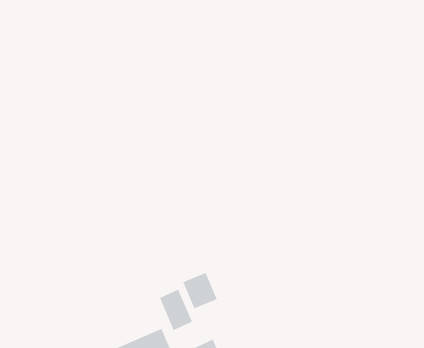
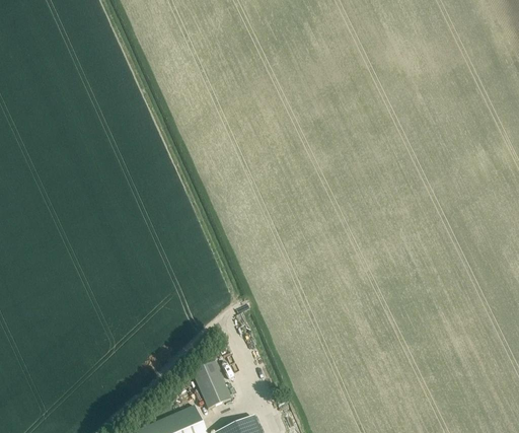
building: [183,272,218,309] -> none

